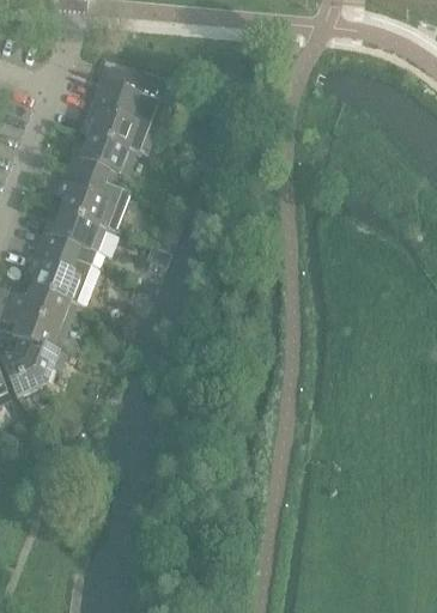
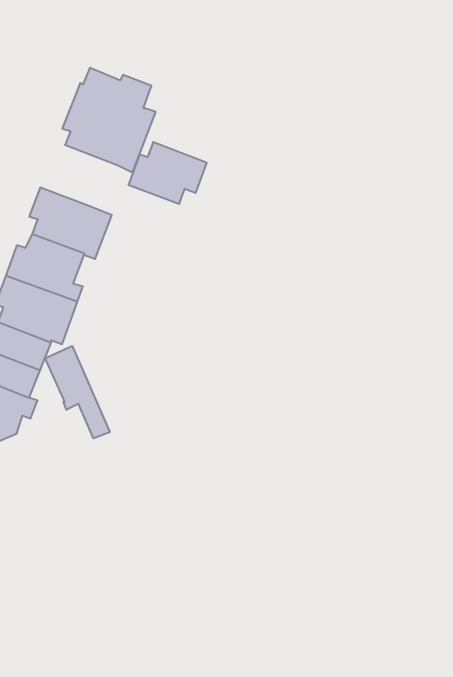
building: [65,132,133,186] -> [128,142,207,204]
building: none -> [45,346,110,438]

